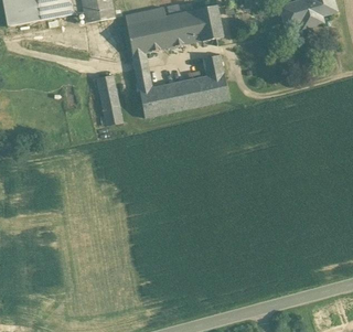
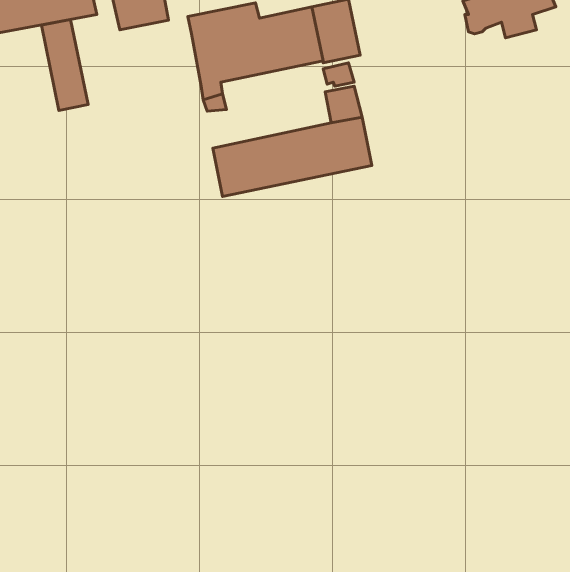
building: [96,74,122,126] -> [42,19,88,110]

